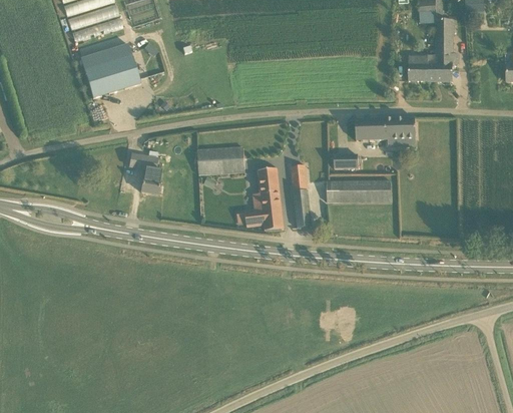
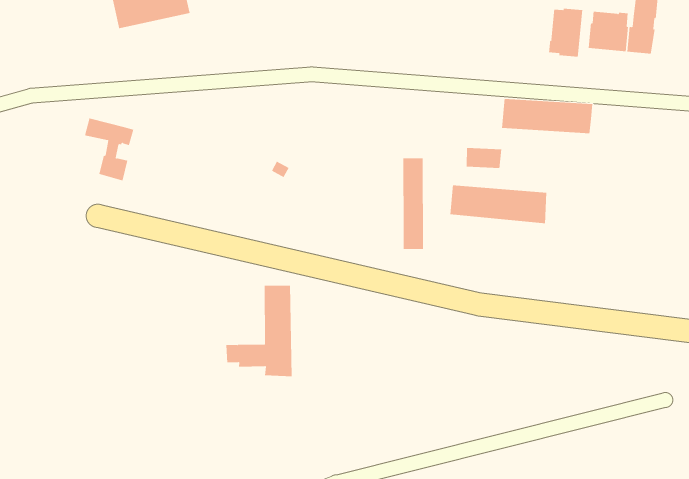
building: none -> [549,8,583,58]
building: [197,146,244,173] -> none
building: [129,153,162,193] -> [84,118,134,181]
building: [236,167,284,230] -> [225,285,293,377]

